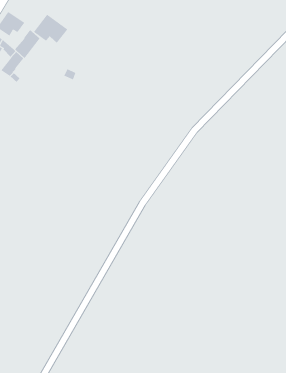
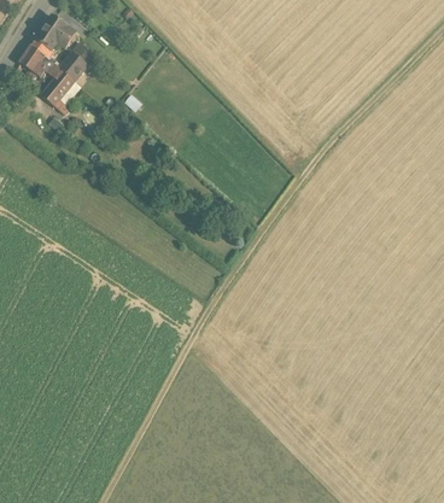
building: [33,14,68,43] -> none

